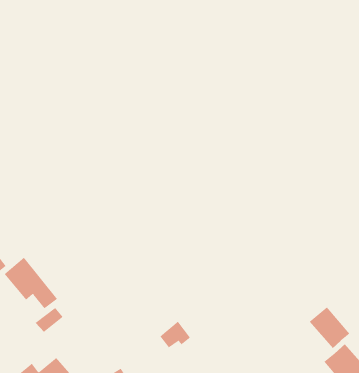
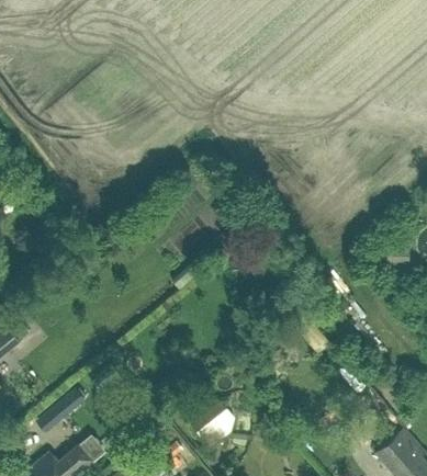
building: [4,257,58,309] -> none
building: [309,307,350,349] -> none

